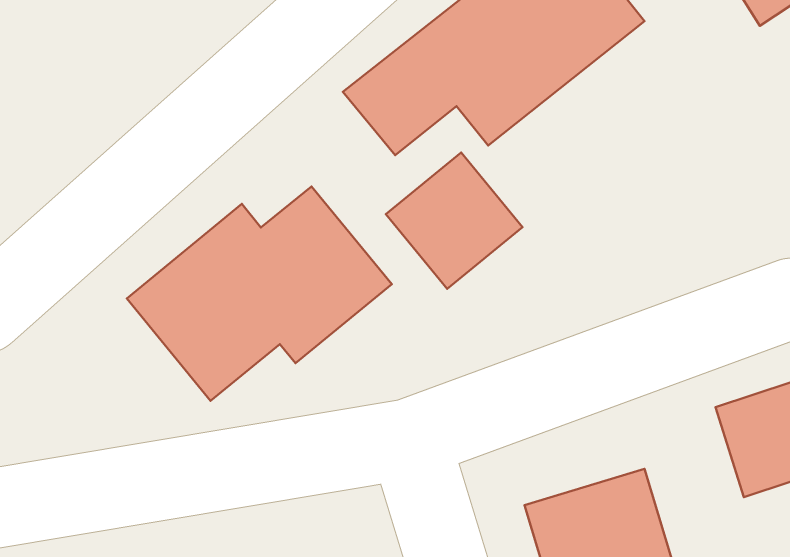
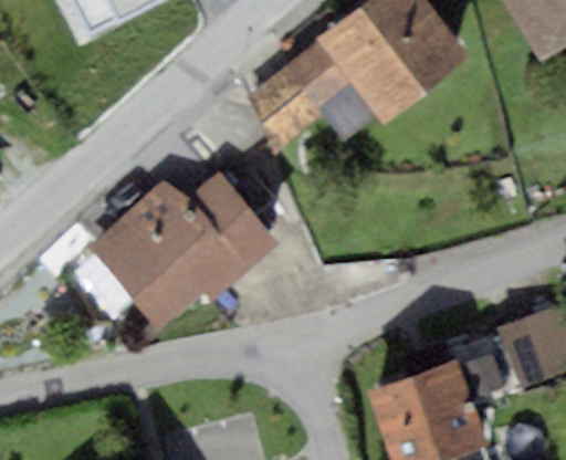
building: [386,153,522,289] -> none

